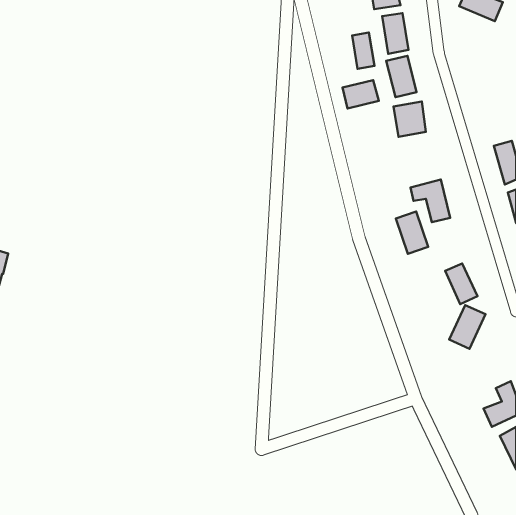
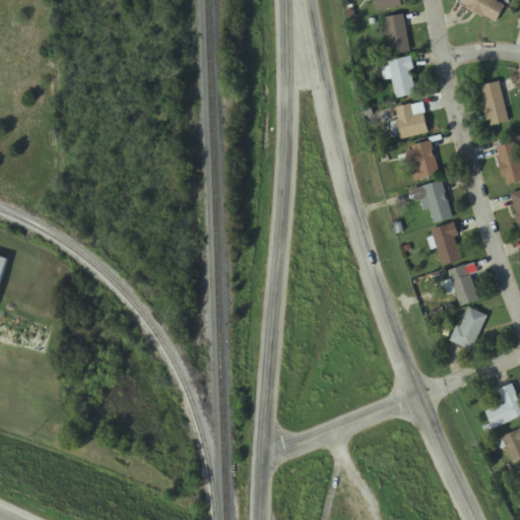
building: [352,32,374,69] -> none
building: none -> [479,77,513,125]
building: [342,80,379,109] -> none
building: none -> [404,141,438,180]
building: [396,211,428,254] -> [431,222,463,265]

